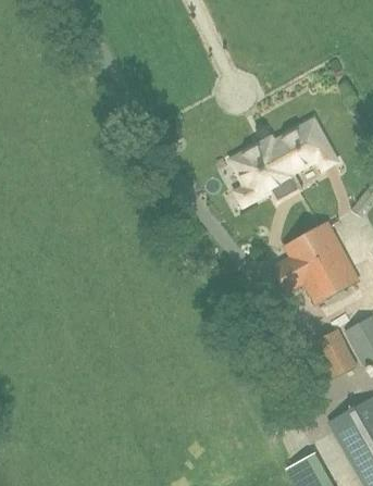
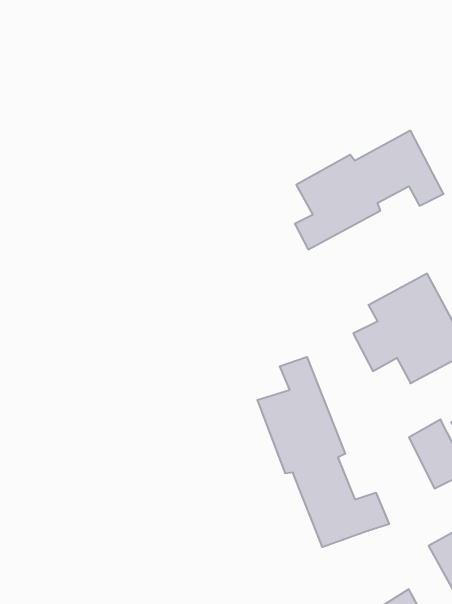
building: none -> [257,357,389,547]

